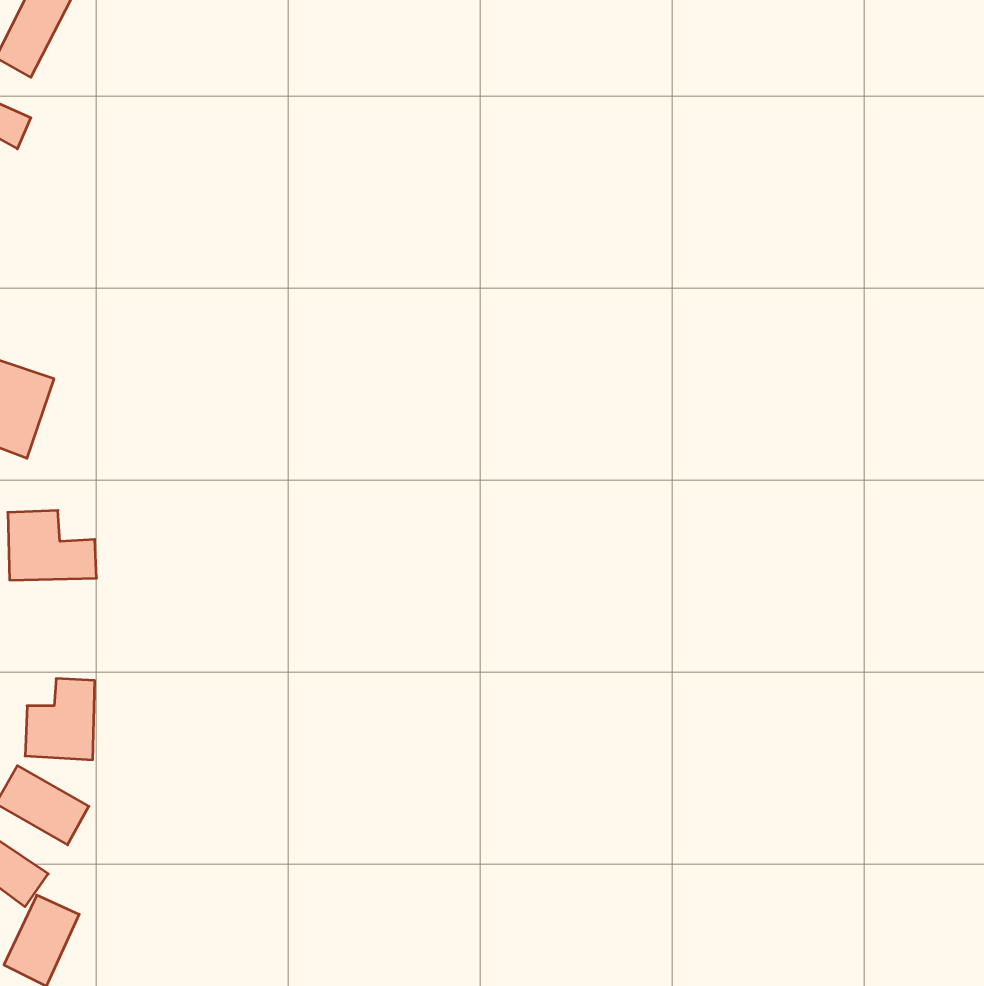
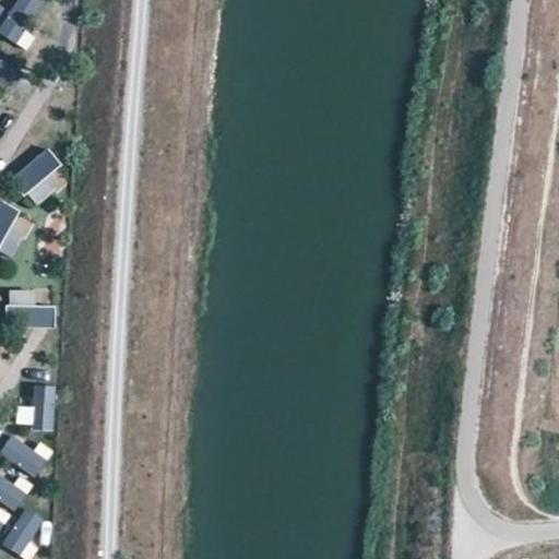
building: none -> [10,147,70,207]

